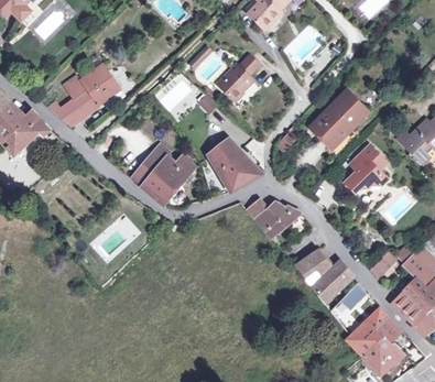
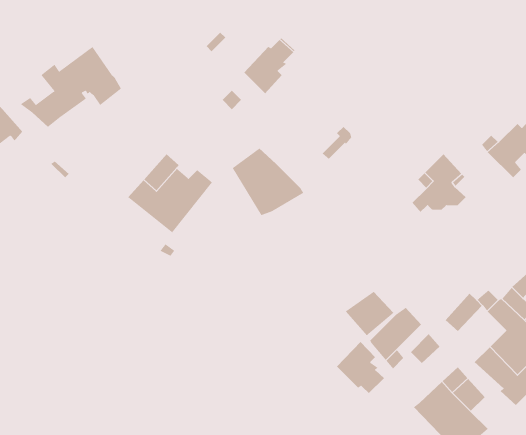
building: [311,91,366,146] -> none
building: [247,198,300,236] -> none
building: none -> [336,341,385,394]

